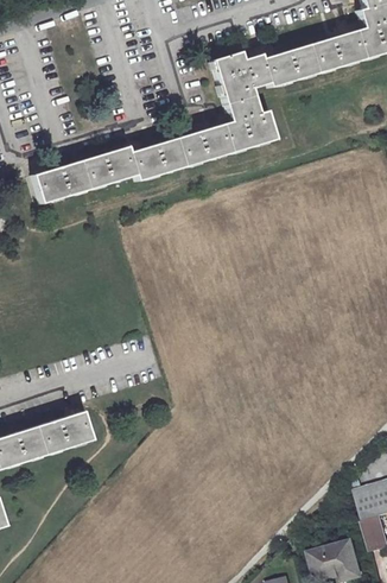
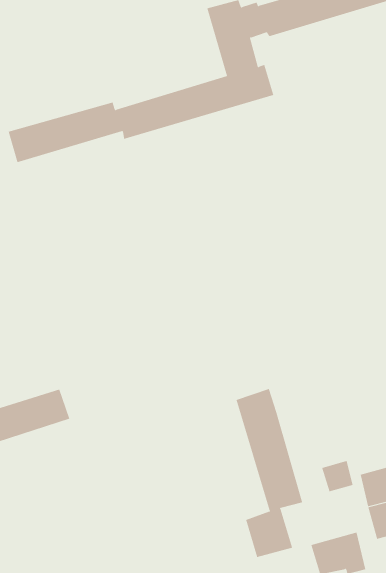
building: none -> [236,388,303,558]
building: none -> [322,460,353,492]

